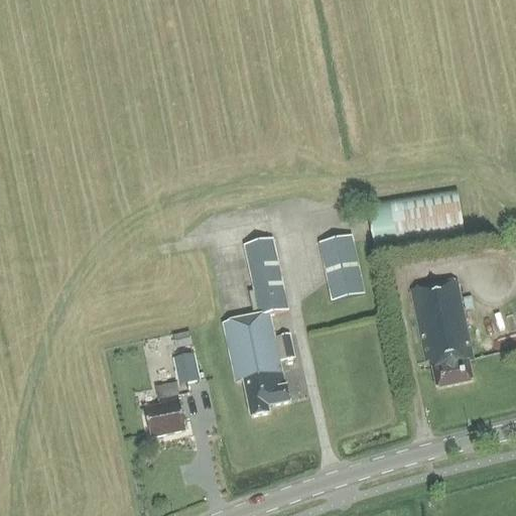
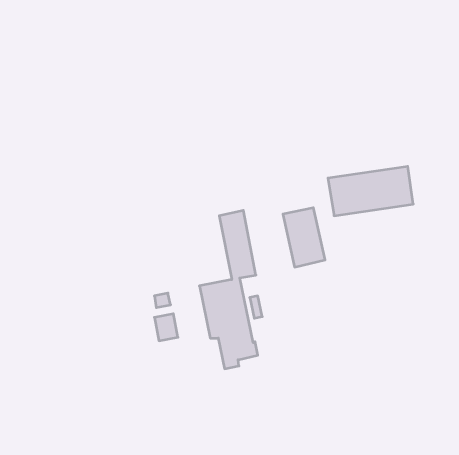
building: [412,279,473,385] -> none
building: [145,393,185,434] -> none

